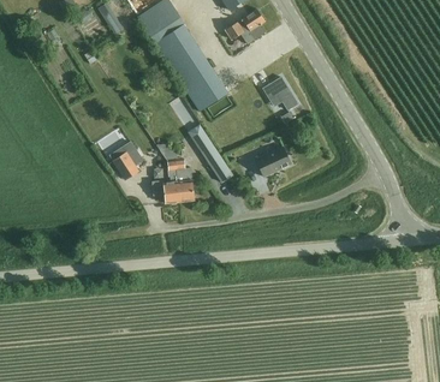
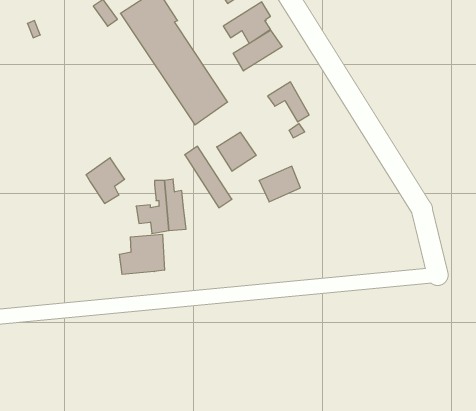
building: none -> [233,30,282,71]
building: none -> [217,132,256,171]
building: none -> [119,234,164,274]

